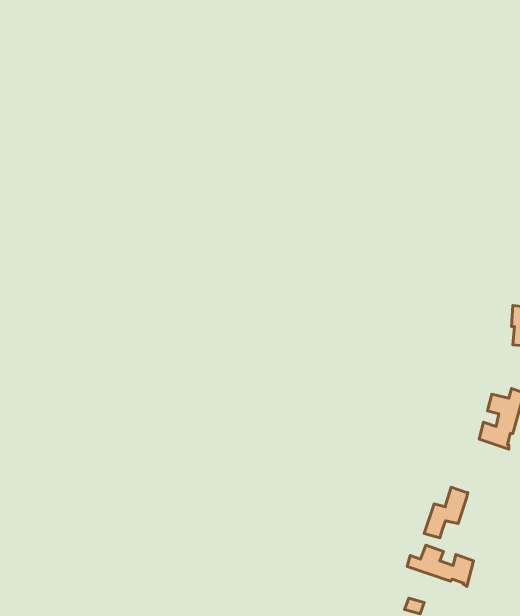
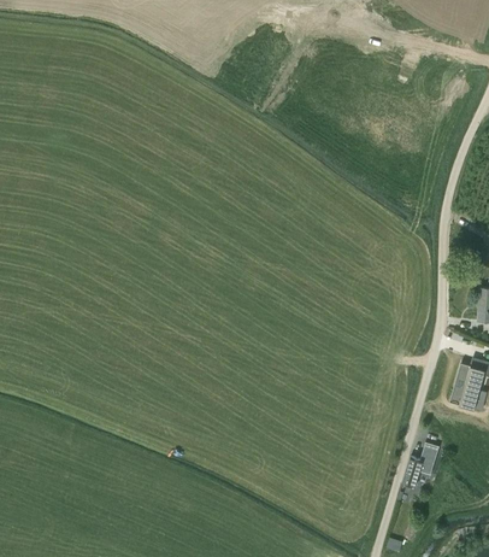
building: [407,545,474,587] -> none

